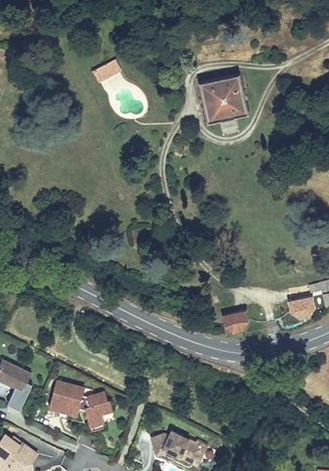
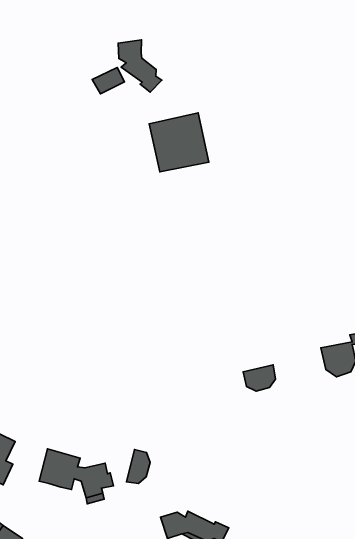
building: none -> [118,40,162,92]
building: [199,72,250,122] -> [149,113,209,172]
building: none -> [126,449,150,484]

